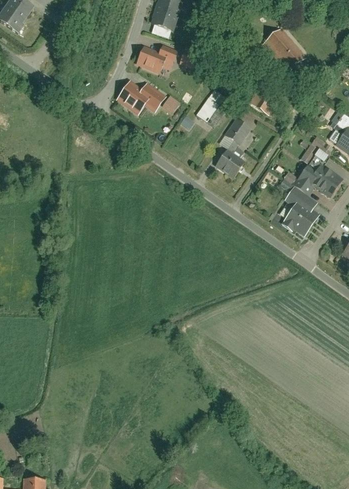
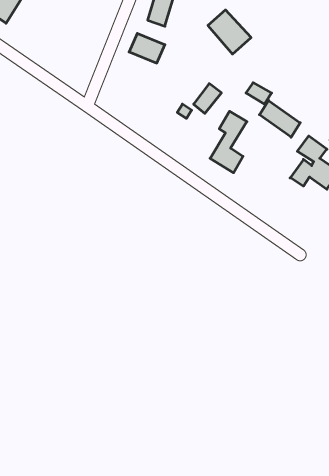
building: [262,27,304,70] -> [208,10,251,54]
building: [118,78,166,113] -> none
building: none -> [259,100,300,137]
building: [281,184,317,233] -> none

